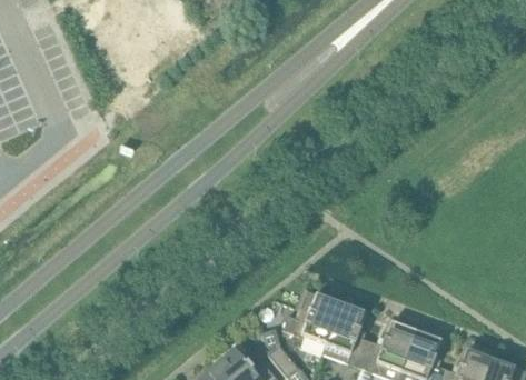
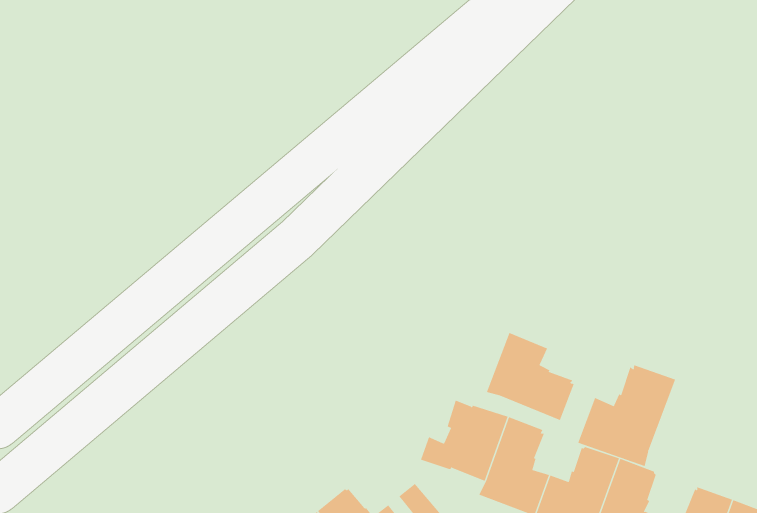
building: none -> [486,332,574,421]
building: none -> [578,365,676,467]

